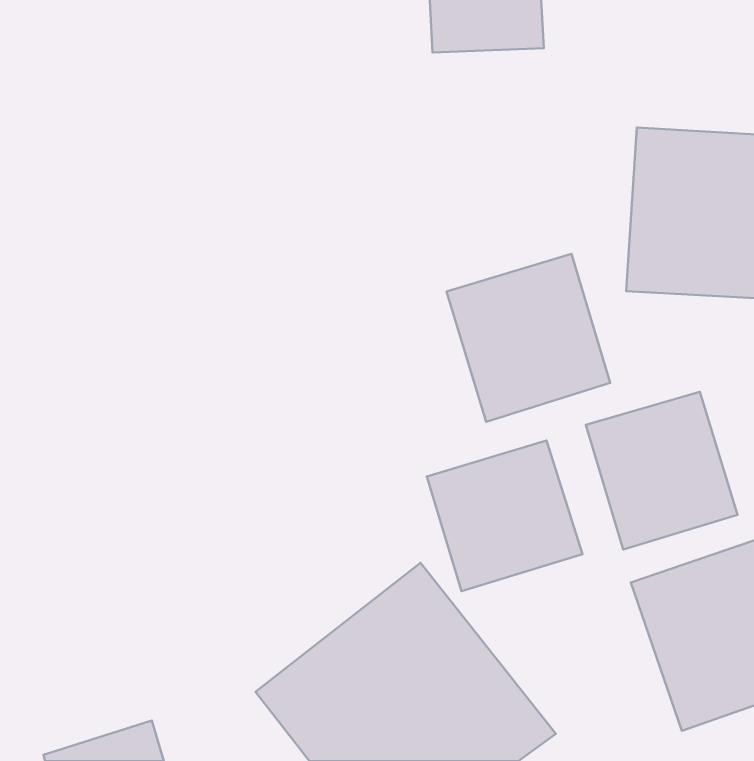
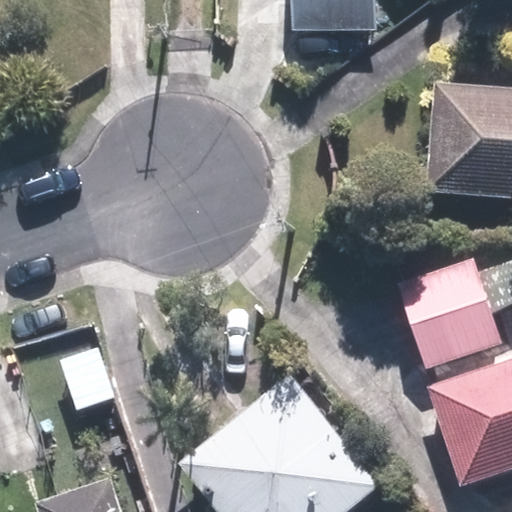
building: [447,254,610,422] -> none
building: [427,441,583,591] -> none

